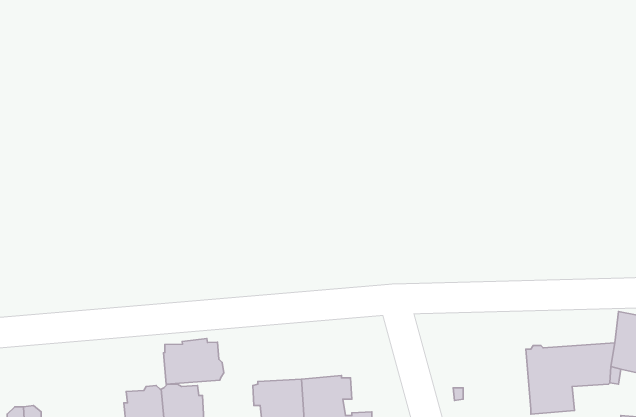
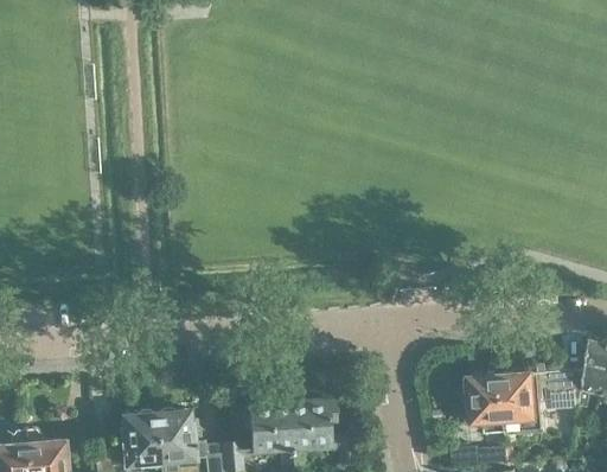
building: [164,339,224,384] -> none
building: none -> [464,370,505,430]

